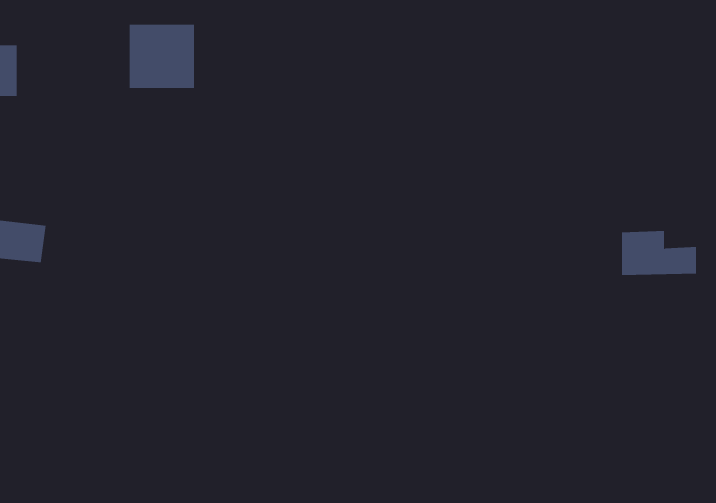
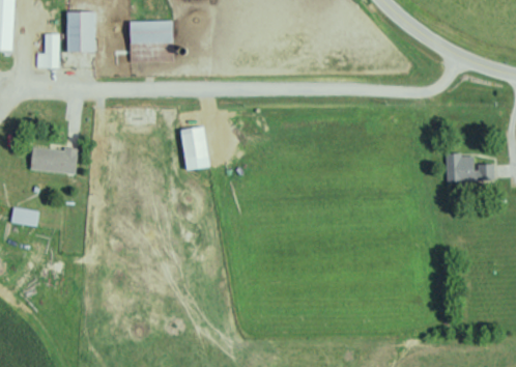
building: none -> [66,11,94,52]
building: none -> [180,128,208,170]

